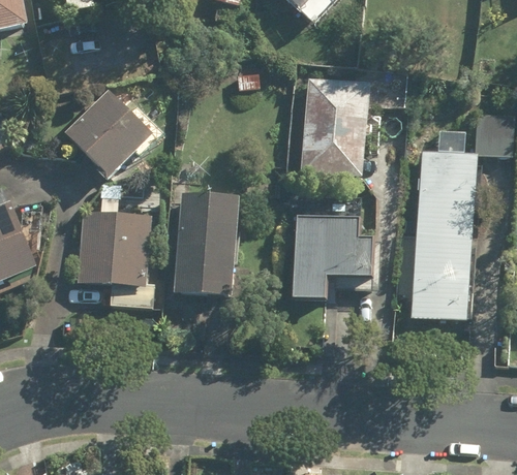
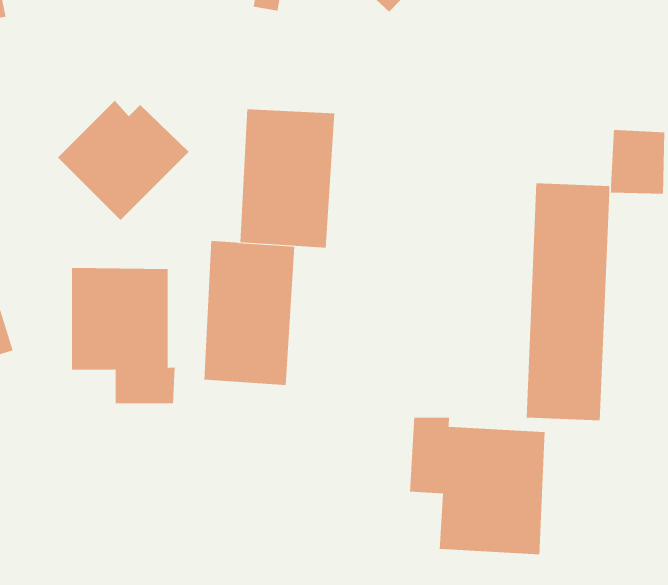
building: [302,76,372,179] -> [239,109,335,248]
building: [287,191,375,303] -> none
building: none -> [409,417,545,555]

